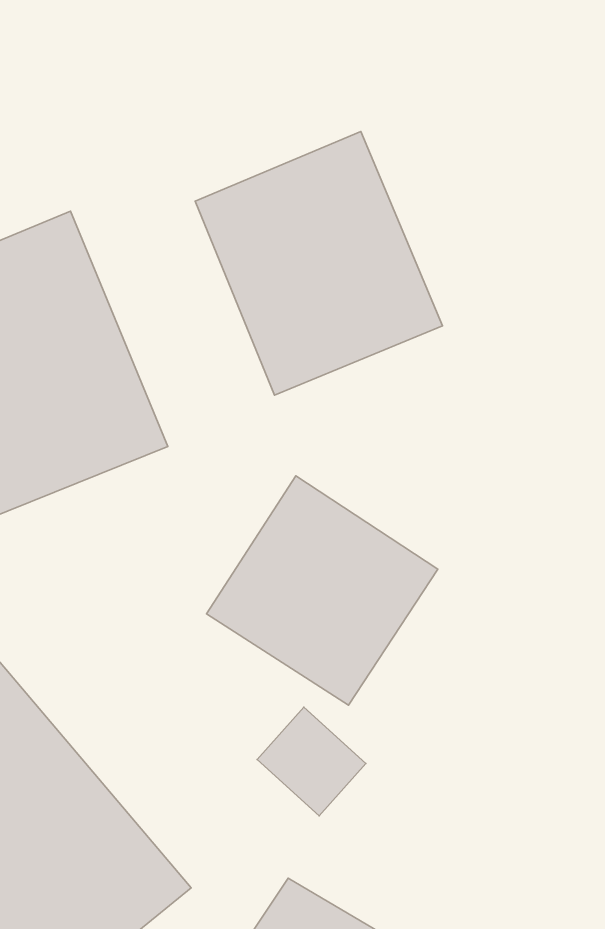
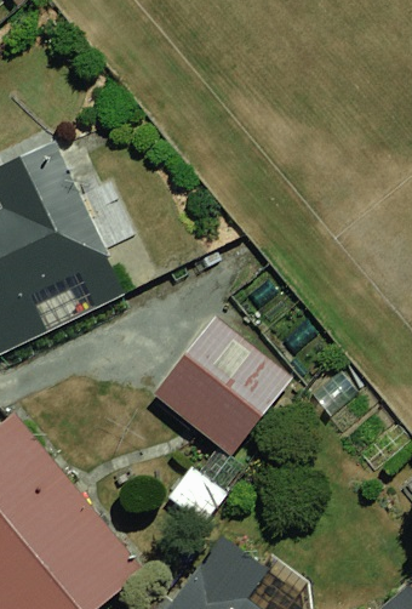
building: [195,131,442,395] -> none

